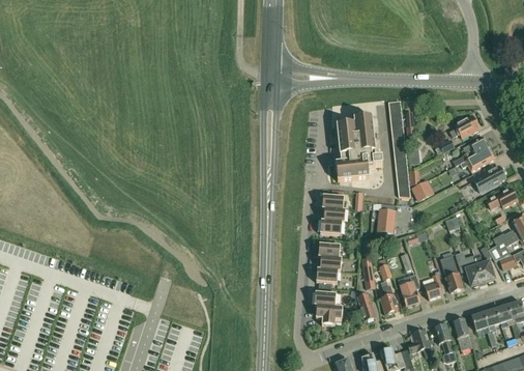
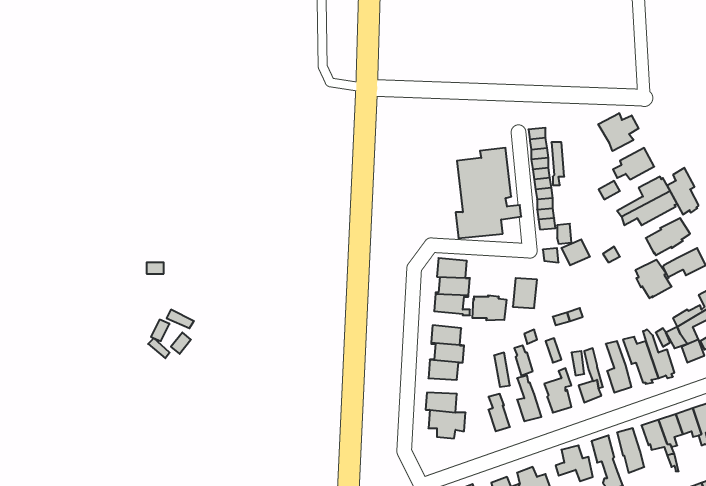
building: none -> [598,113,639,151]
building: none -> [667,168,698,215]
building: none -> [636,260,672,298]
building: none -> [472,295,506,320]

